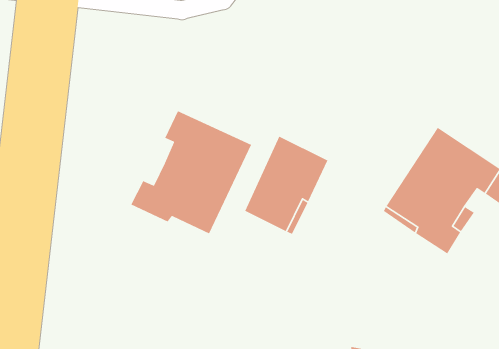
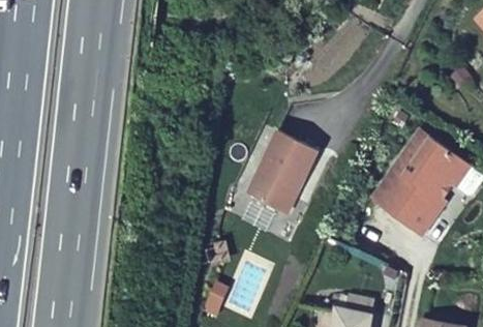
building: [130,110,252,235] -> none

